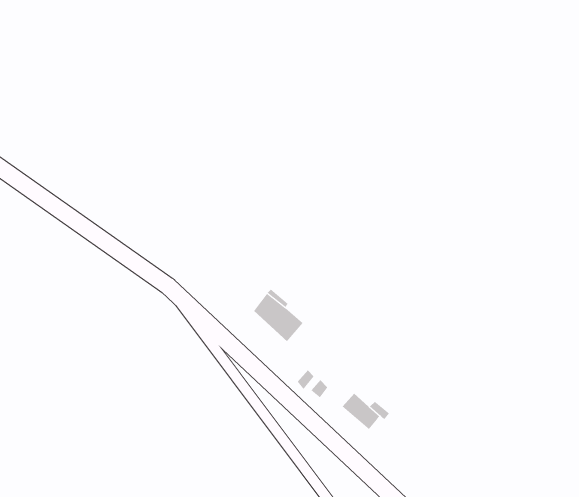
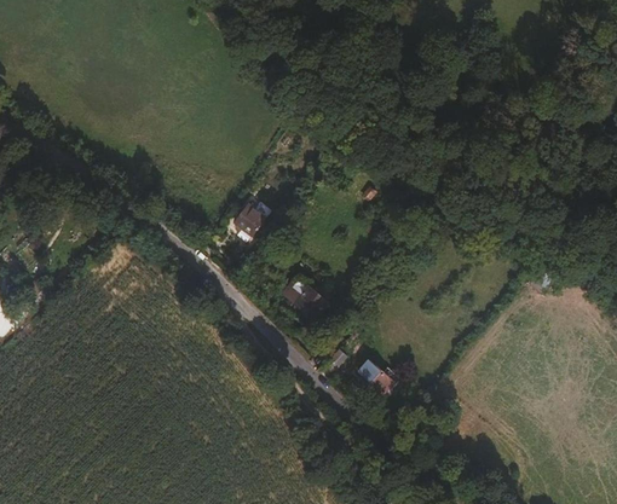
building: none -> [231,203,267,237]

